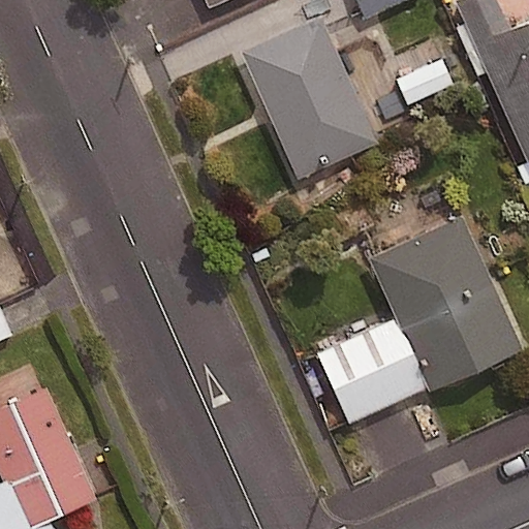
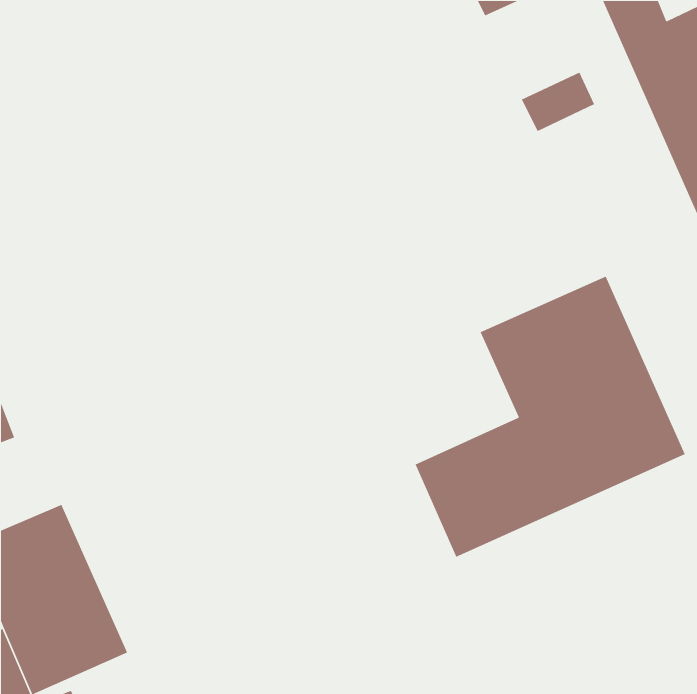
building: [240,15,376,178] -> none

